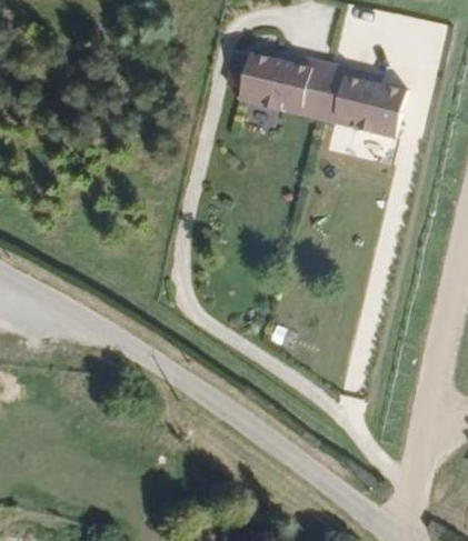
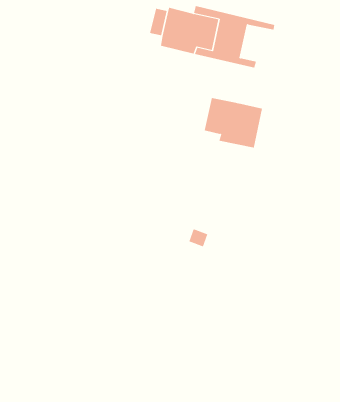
building: [333,76,405,137] -> [204,97,263,148]

